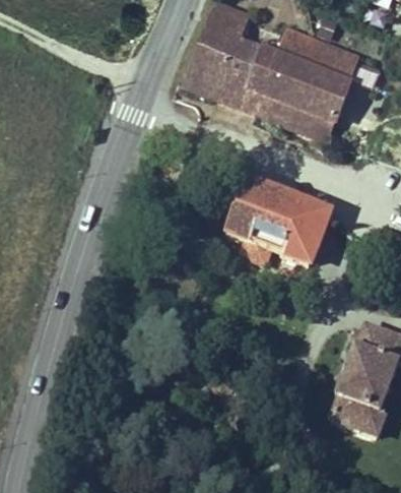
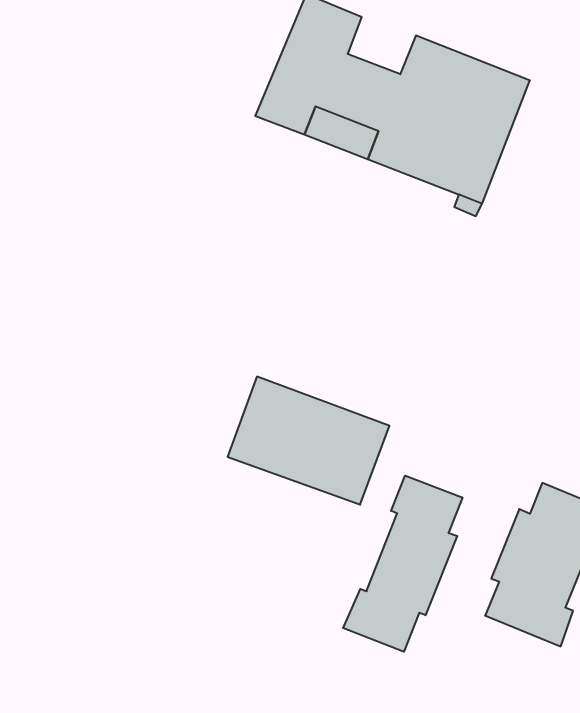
building: [223,177,330,261] -> [228,377,390,505]
building: none -> [343,476,462,652]

